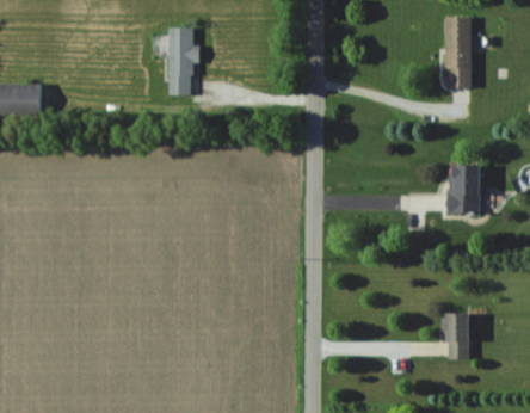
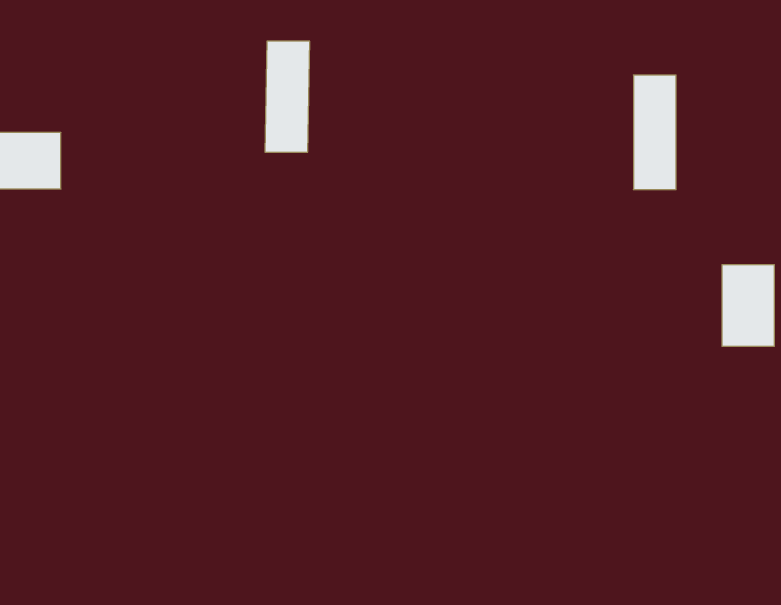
building: [445,17,472,87] -> [633,75,676,190]
building: [444,313,468,359] -> none

